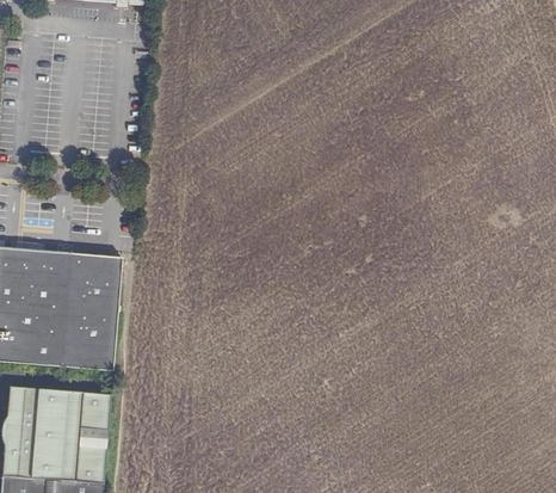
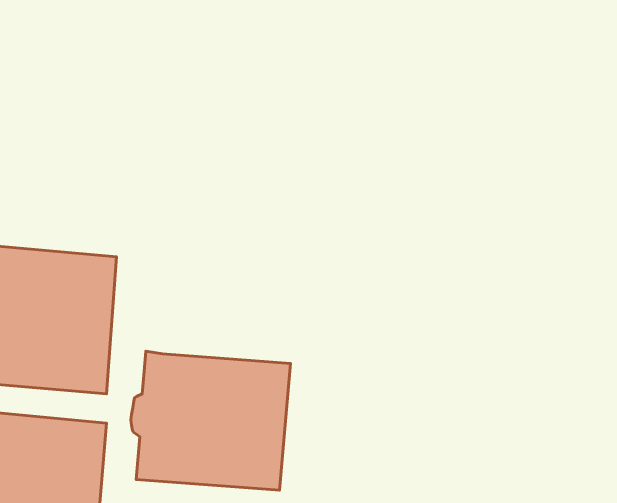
building: none -> [131,351,291,490]

